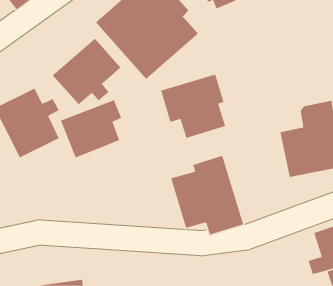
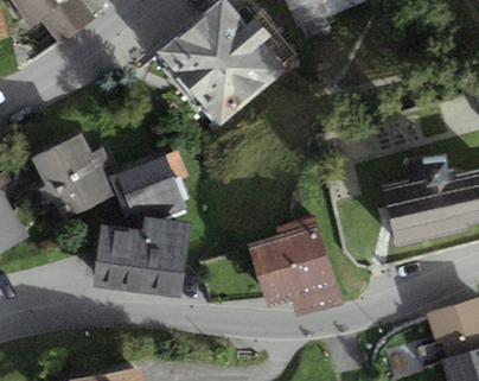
building: [52,38,121,105] -> none
building: [160,73,226,139] -> none
building: none -> [95,218,191,298]

